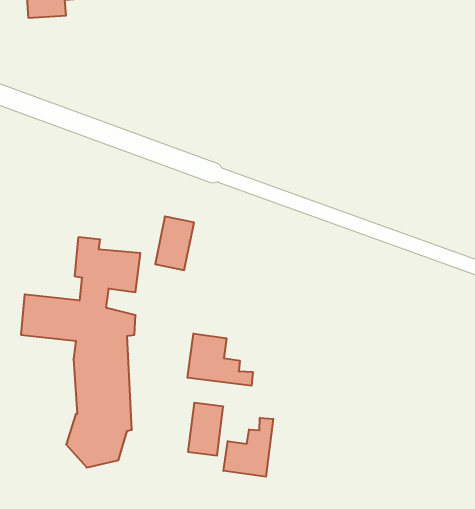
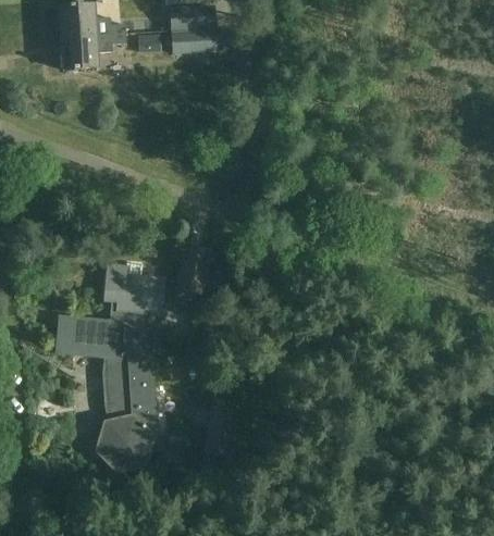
building: [187,333,253,386] -> none
building: [223,418,273,477] -> none

